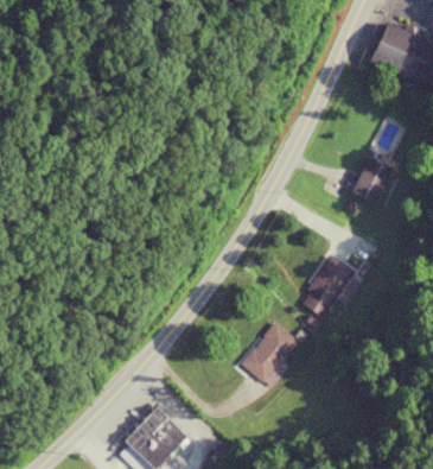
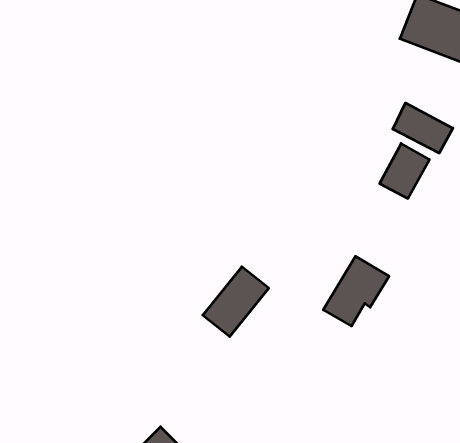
building: none -> [393,103,453,153]
building: [240,322,298,384] -> [203,267,269,337]

